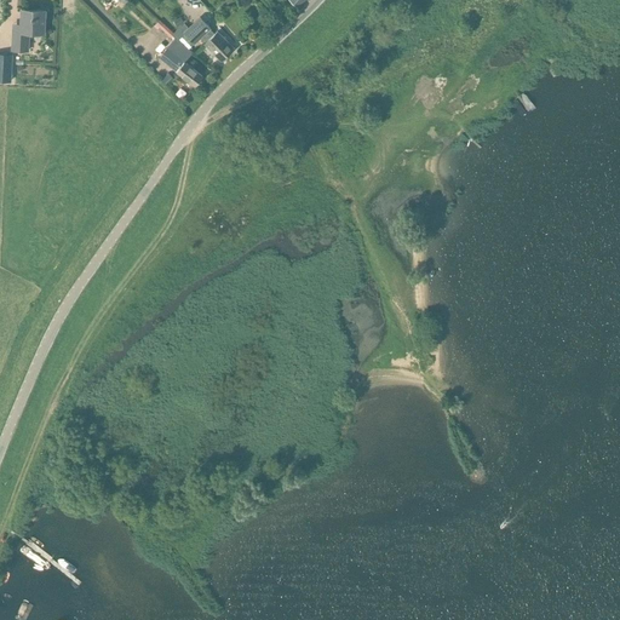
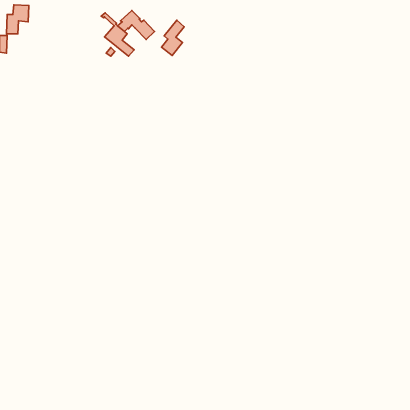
building: none -> [162,20,184,55]

